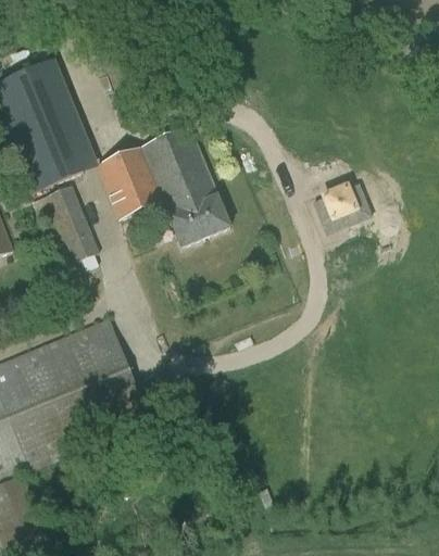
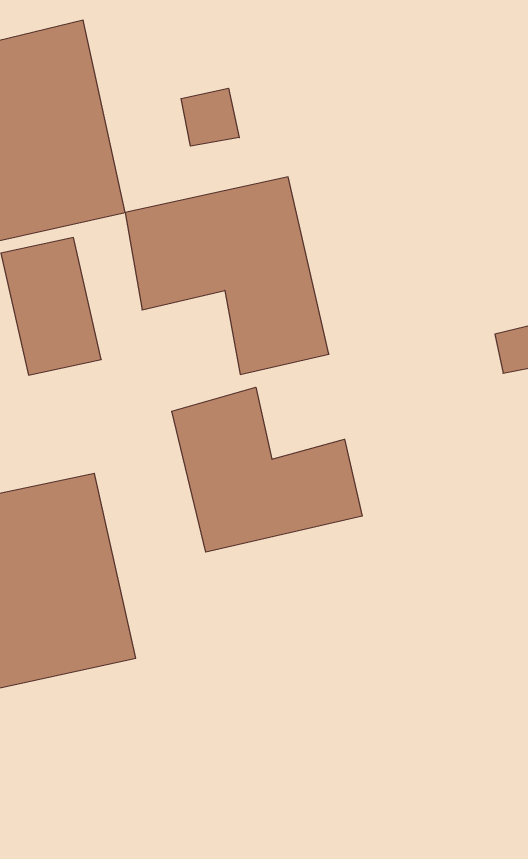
building: none -> [181,88,239,146]
building: none -> [172,387,362,552]

